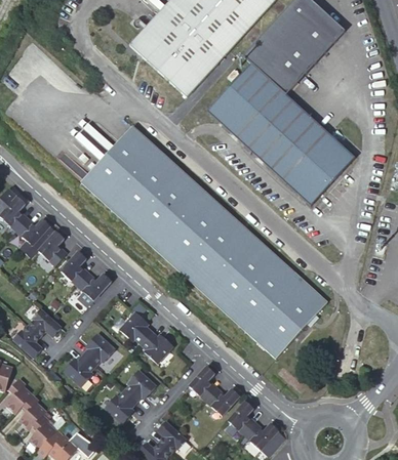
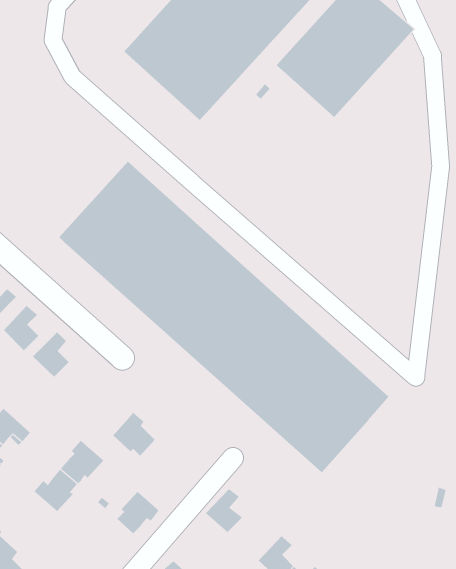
building: [208,64,354,204] -> none
building: [78,275,112,307] -> none
building: [142,332,174,364] -> none
building: [206,389,241,416] -> none
building: [105,390,136,423] -> none

